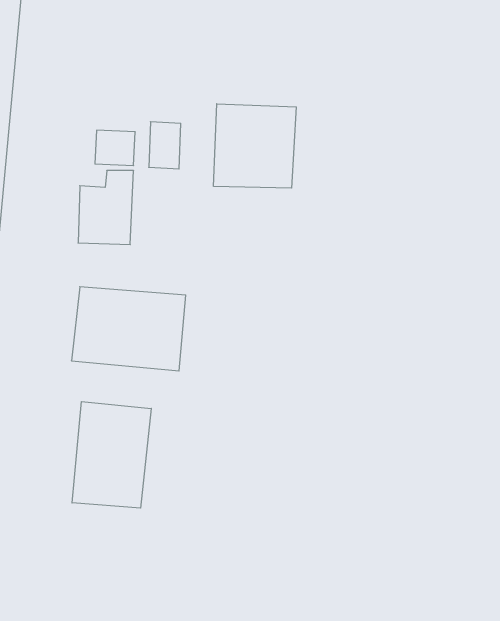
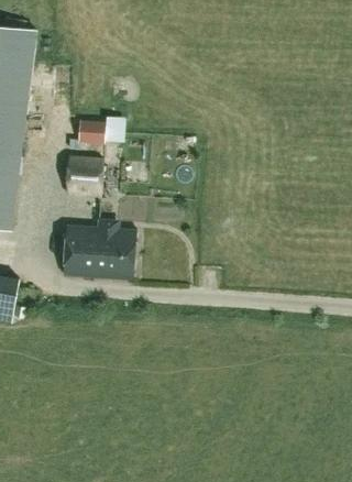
building: [214,104,296,188] -> none
building: [72,402,151,508] -> none

